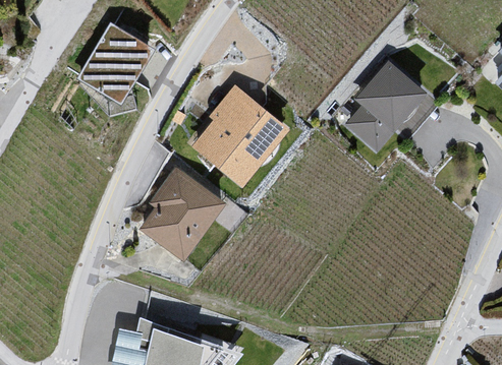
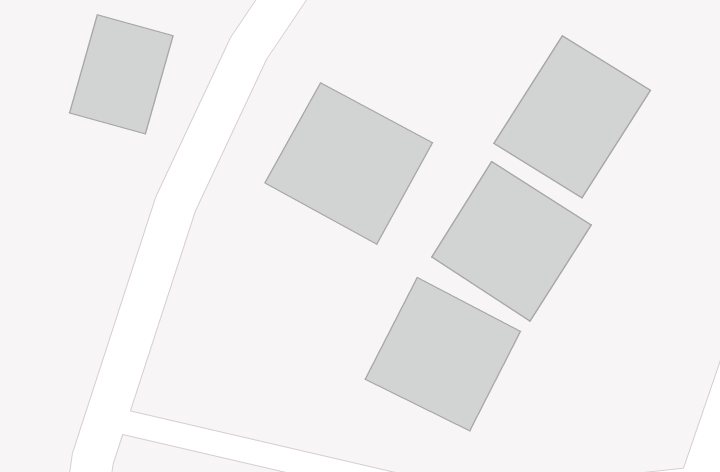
building: none -> [432,162,591,321]
building: [130,167,228,263] -> [365,278,521,431]

